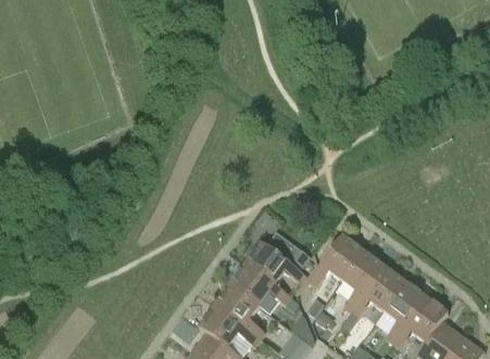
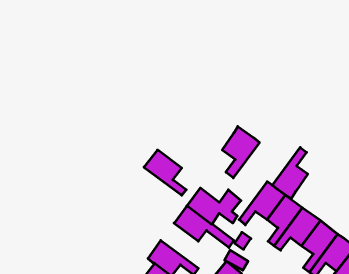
building: none -> [222,126,259,178]
building: none -> [272,147,308,199]
building: [214,284,265,338] -> [144,150,186,195]

